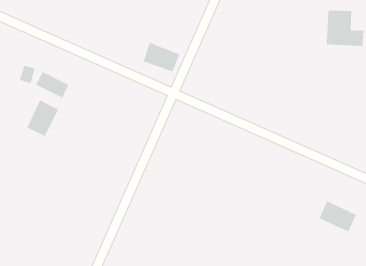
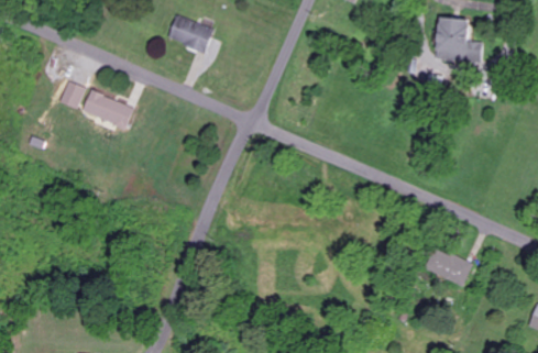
building: [143,42,180,72] -> [168,15,213,52]
building: [26,99,59,137] -> none

